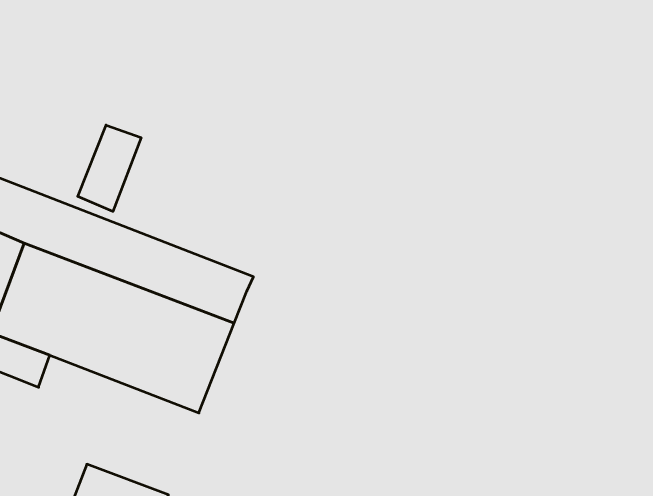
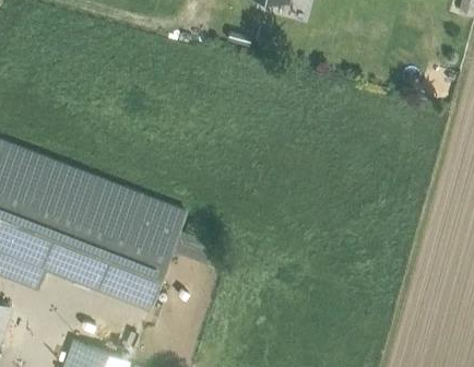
building: [78,125,141,211] -> none

